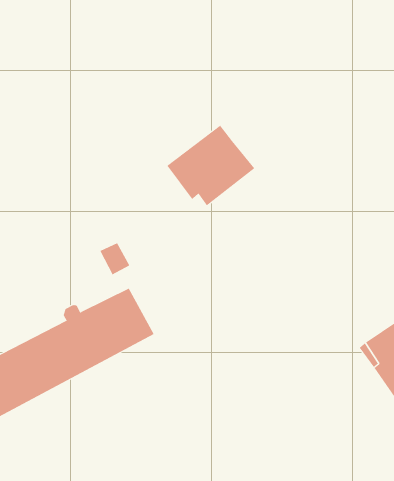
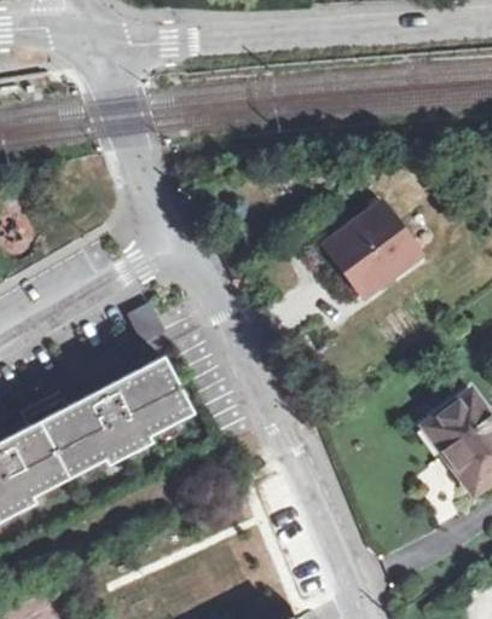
building: [167,125,255,206] -> [320,204,422,297]

